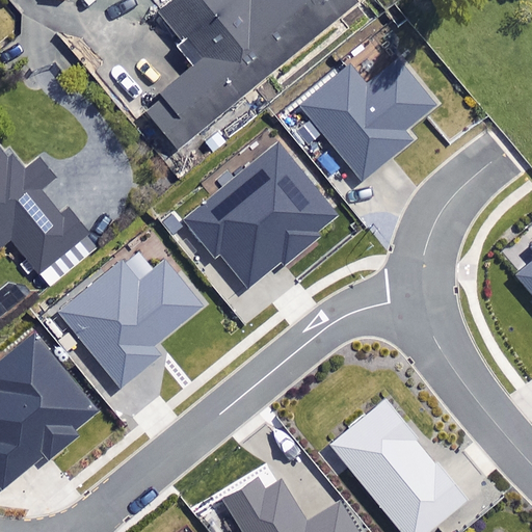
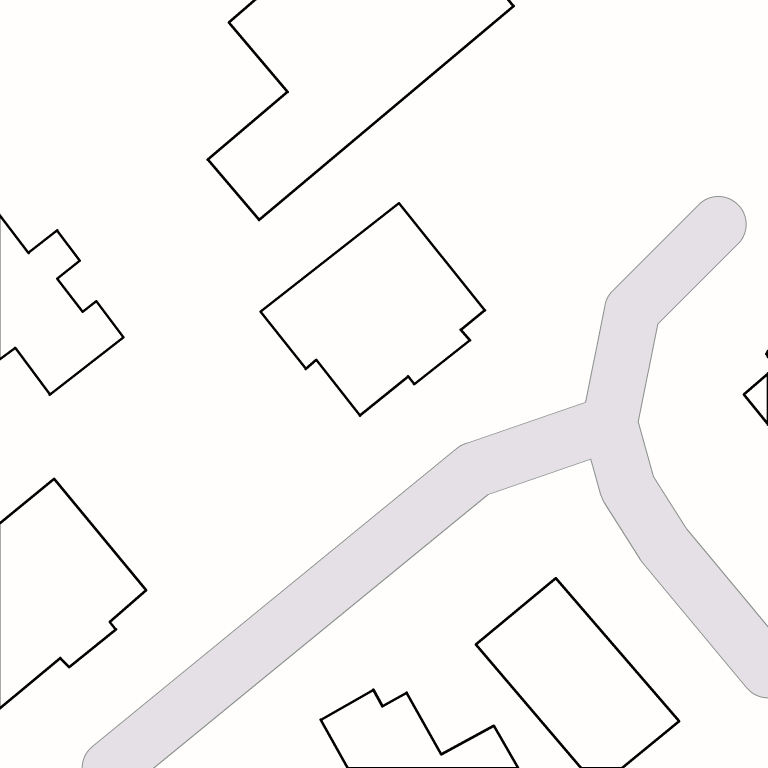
building: [291,57,434,184] -> none
building: [57,250,207,388] -> none

